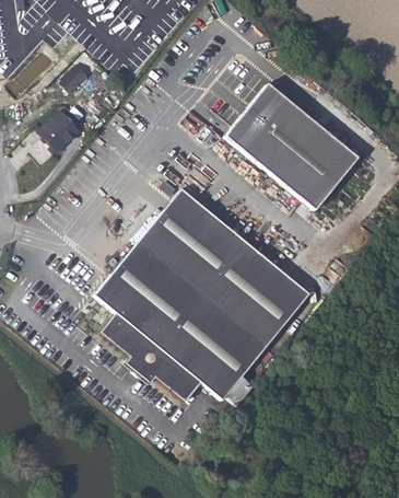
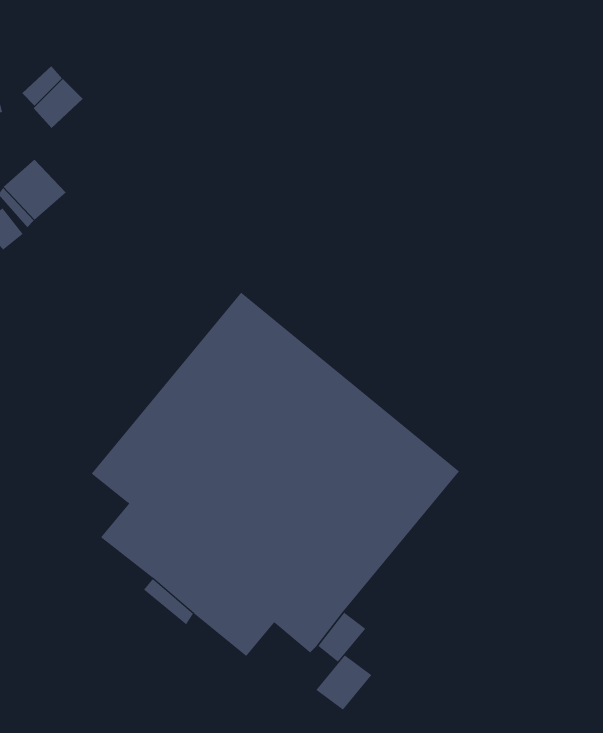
building: [225,83,359,210] -> none
building: none -> [316,654,372,711]

